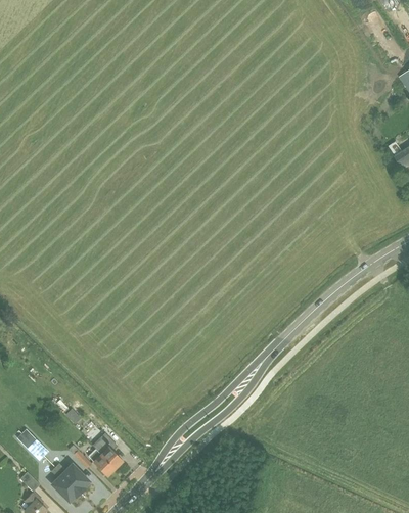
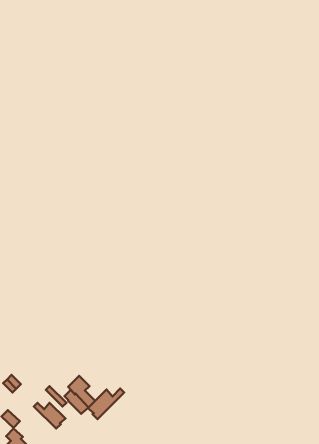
building: none -> [88,389,124,419]
building: [51,469,80,503] -> none

